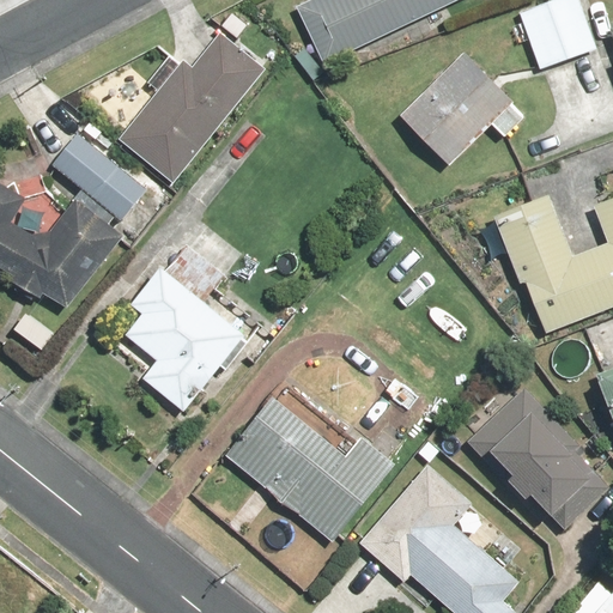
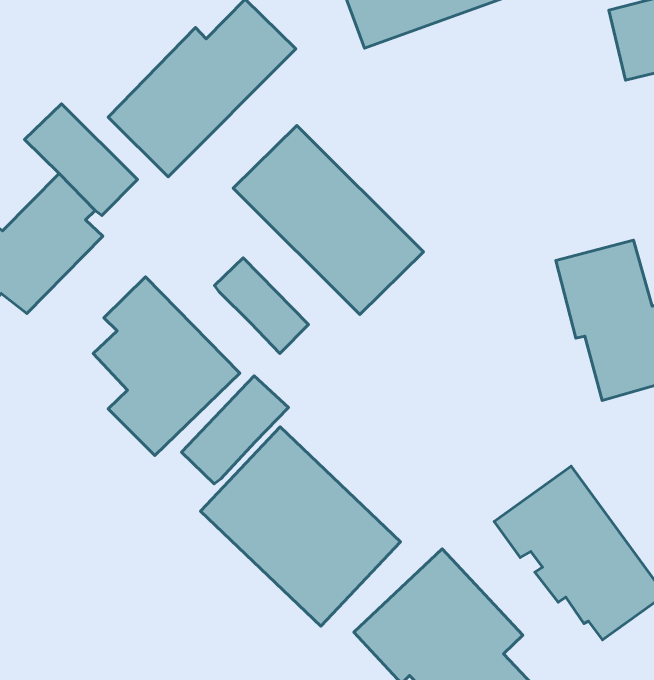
building: [399,51,527,165] -> none
building: none -> [233,125,424,314]
building: none -> [215,258,308,353]
building: none -> [181,376,288,484]

